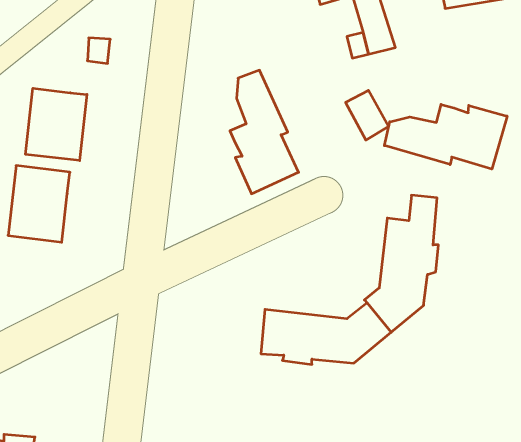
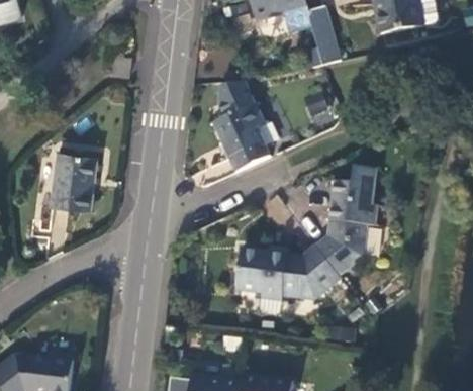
building: [26,88,87,161] -> none
building: [384,104,507,169] -> none

